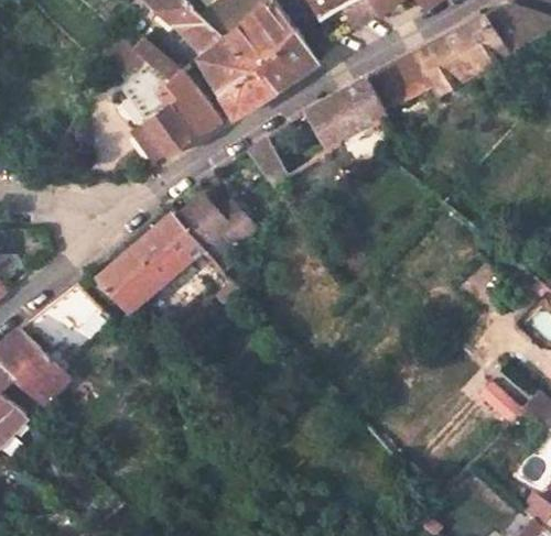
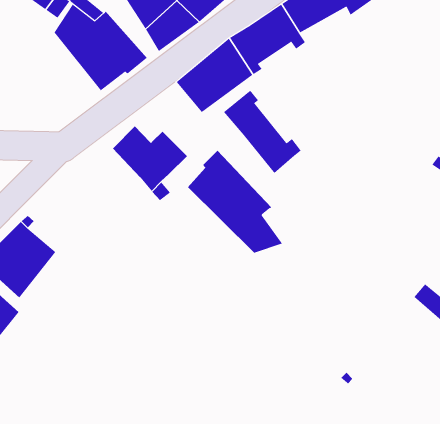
building: none -> [223,90,302,174]
building: [93,210,204,313] -> none
building: none -> [187,150,283,254]

